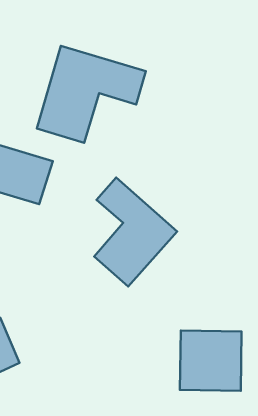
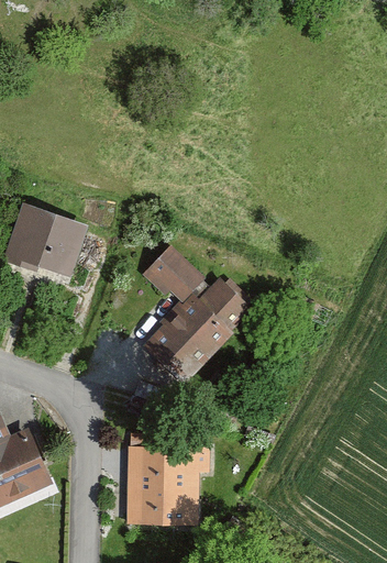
building: [37,46,146,143] -> none
building: [180,331,242,391] -> [126,448,206,525]

